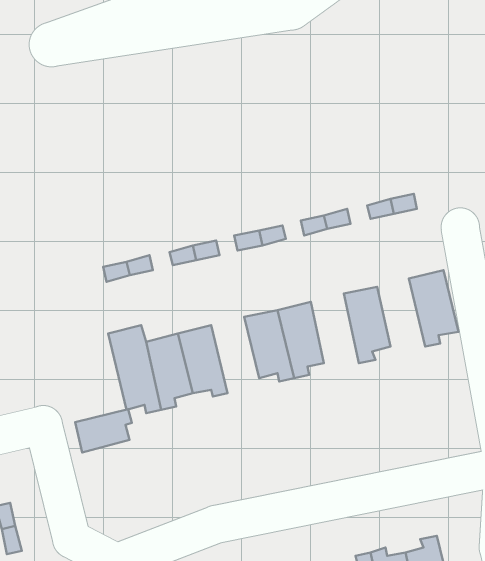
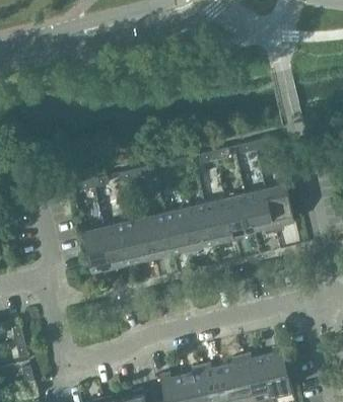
building: none -> [244,190,273,234]
building: none -> [203,199,232,244]
building: none -> [142,214,172,260]
building: [75,409,132,453] -> none

